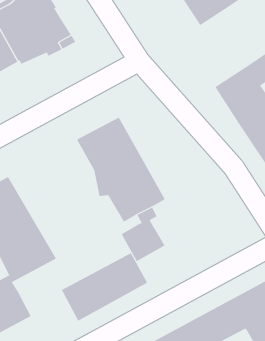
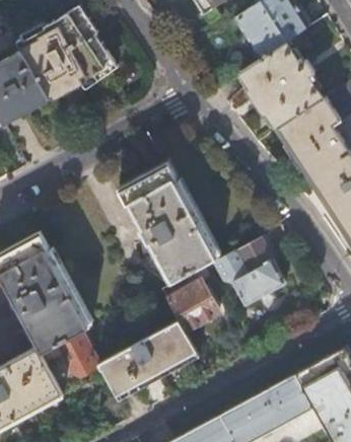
building: none -> [238,42,322,128]
building: none -> [214,236,287,304]
building: none -> [44,333,100,393]

